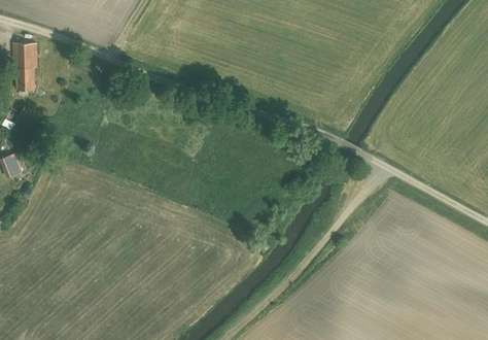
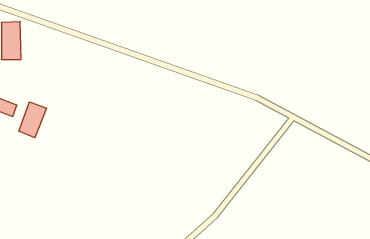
building: none -> [19,102,47,138]

